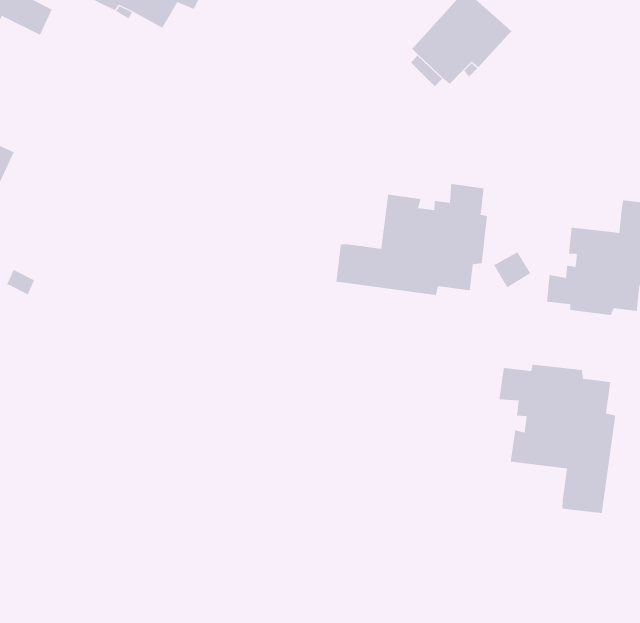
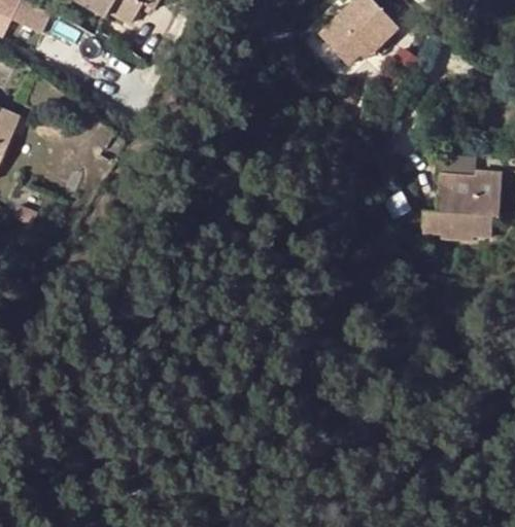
building: [336,183,488,296] -> none
building: [499,364,616,514] -> none

